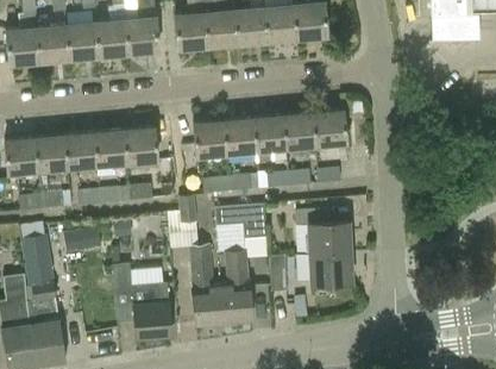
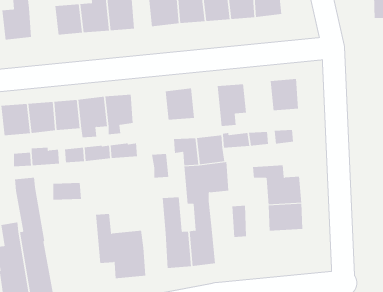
building: [38,26,70,62] -> none
building: [283,112,316,149] -> none
building: [224,118,256,155] -> none

